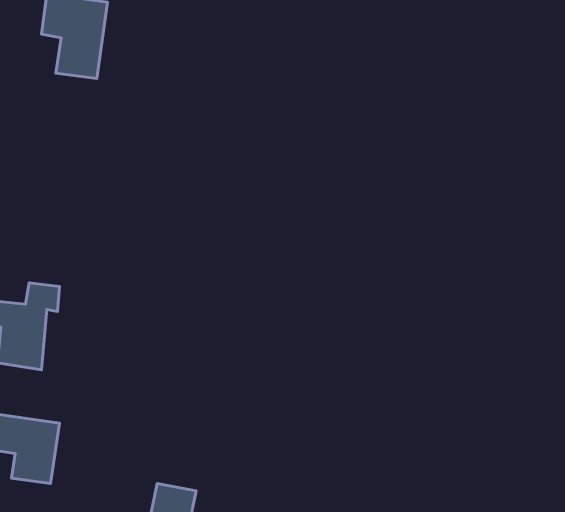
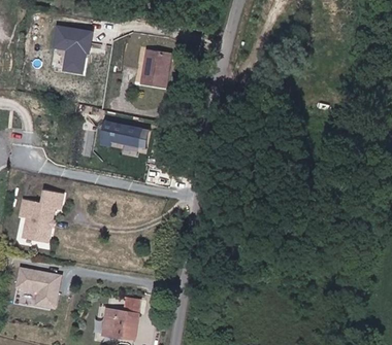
building: none -> [148,51,172,88]
building: none -> [95,118,150,149]

